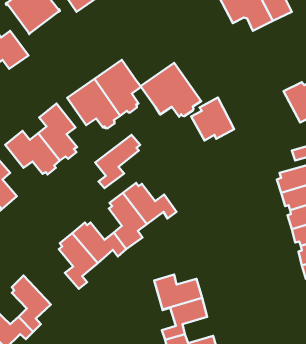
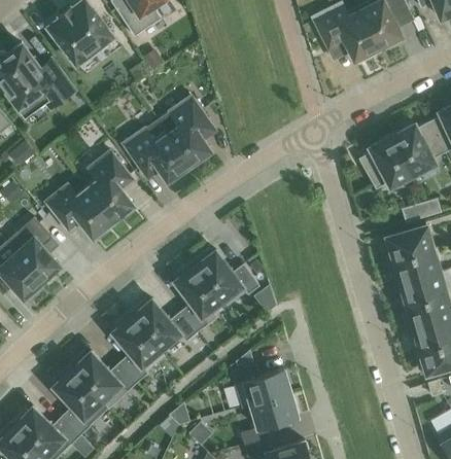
building: [140,63,201,117] -> none
building: [191,98,234,141] -> [359,136,413,189]
building: [95,135,140,188] -> none
building: none -> [69,352,138,409]

